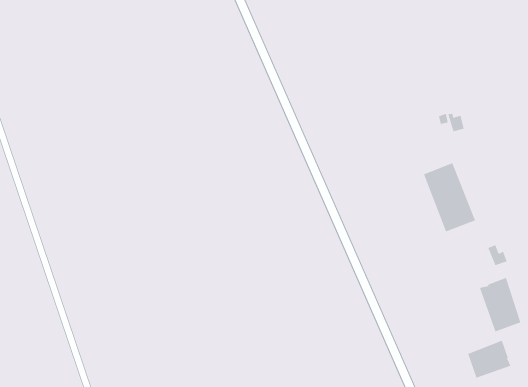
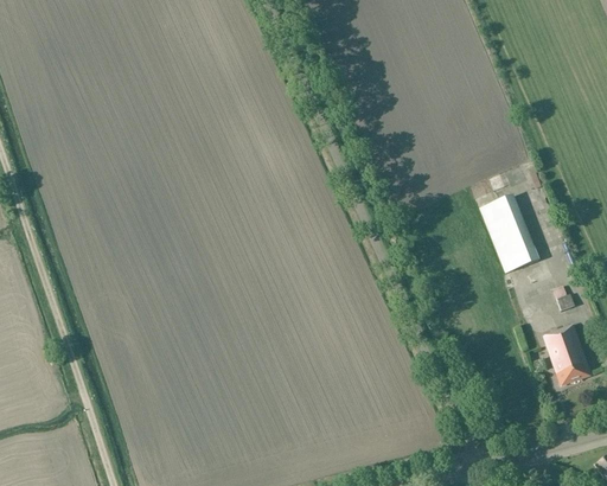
building: [467,340,511,379] -> none

